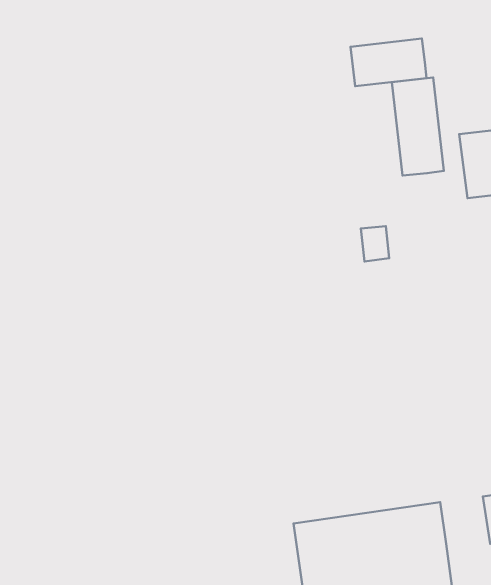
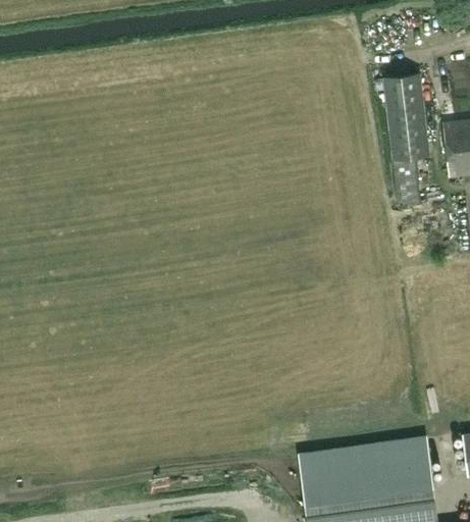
building: [351,39,426,86] -> none
building: [361,226,389,262] -> [393,155,417,186]

